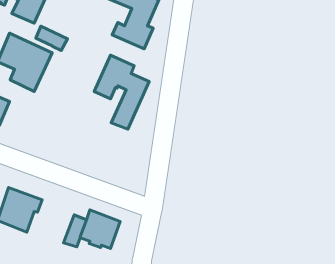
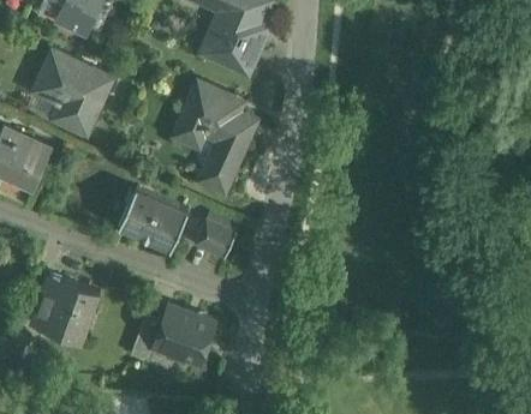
building: [36,26,68,51] -> none
building: none -> [118,187,187,251]
building: none -> [193,218,235,259]

